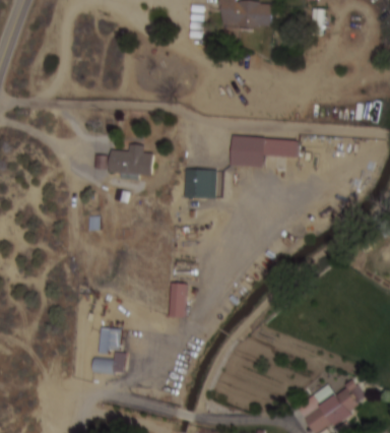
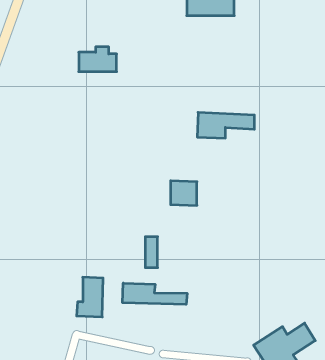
building: [110,145,153,174] -> [79,47,117,72]
building: [184,170,214,198] -> [171,181,197,205]
building: none -> [123,283,187,304]

